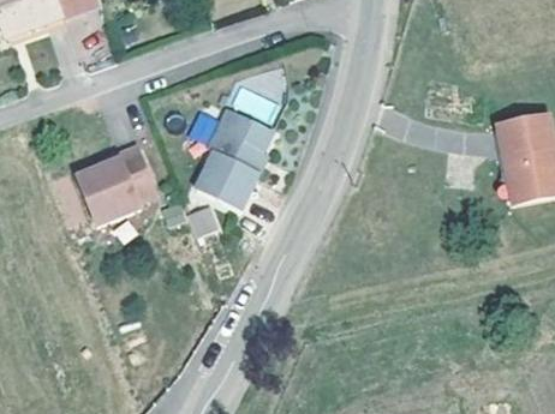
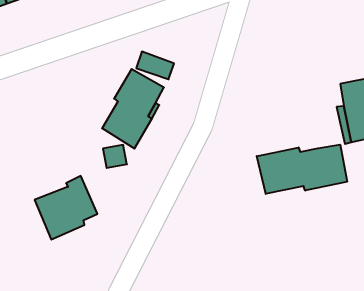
building: [72,128,154,211] -> [35,176,97,240]
building: none -> [257,145,347,194]

